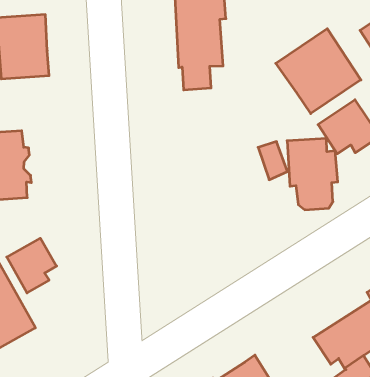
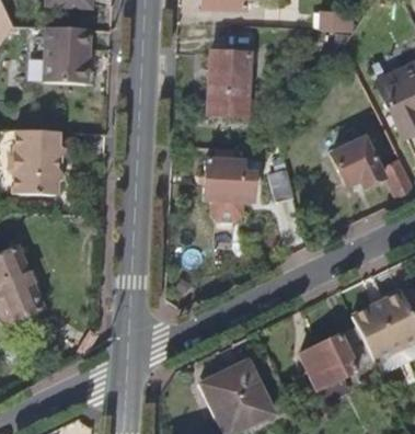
building: [276,29,361,114] -> none
building: [287,139,338,210] -> [204,157,249,222]
building: [7,238,57,293] -> none

